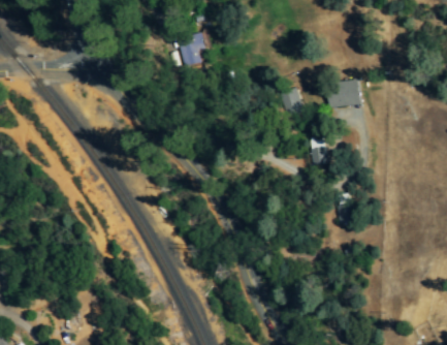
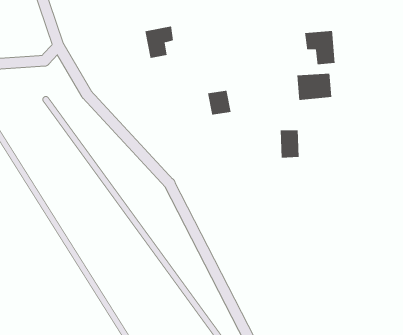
building: none -> [305,30,335,65]
building: [279,89,302,114] -> [207,90,231,115]

